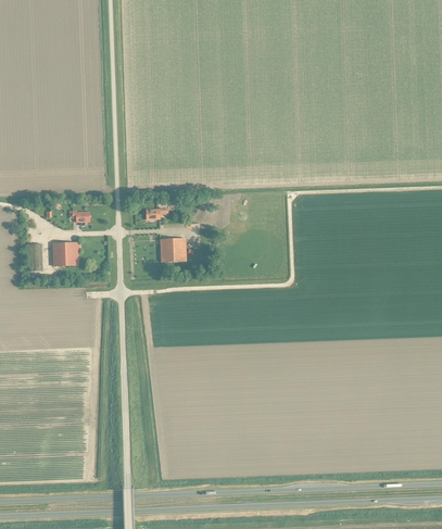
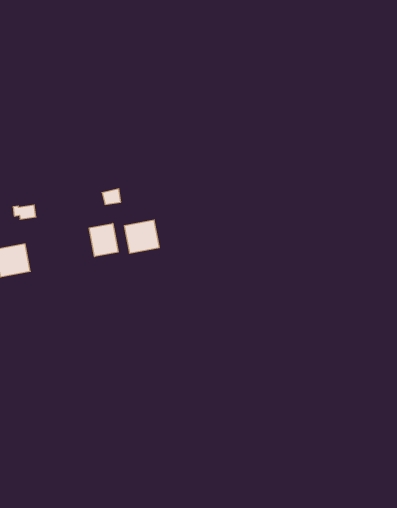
building: none -> [89,223,118,257]

